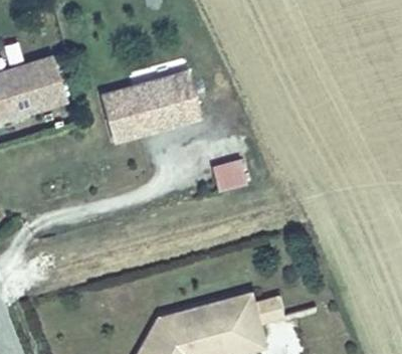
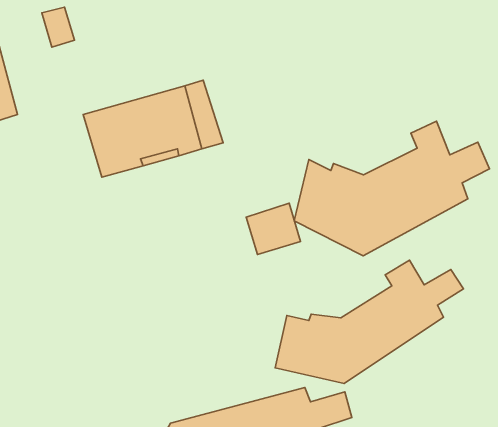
building: none -> [294,121,490,256]
building: none -> [275,260,464,383]

